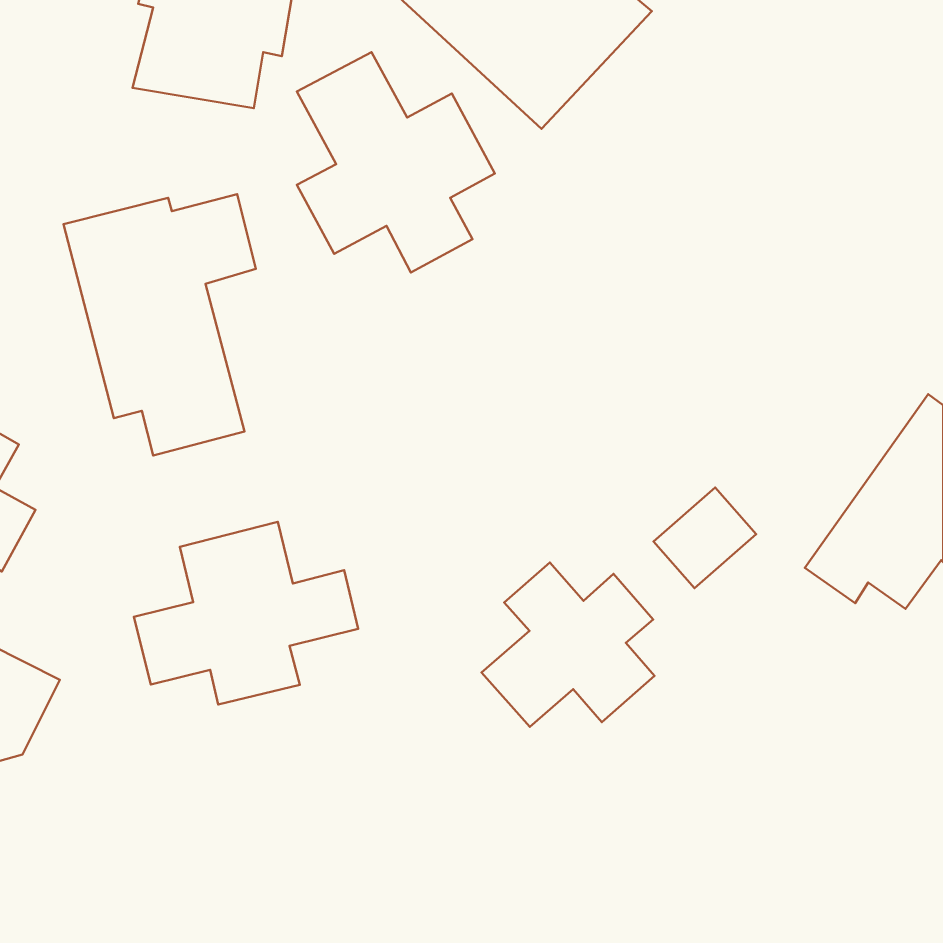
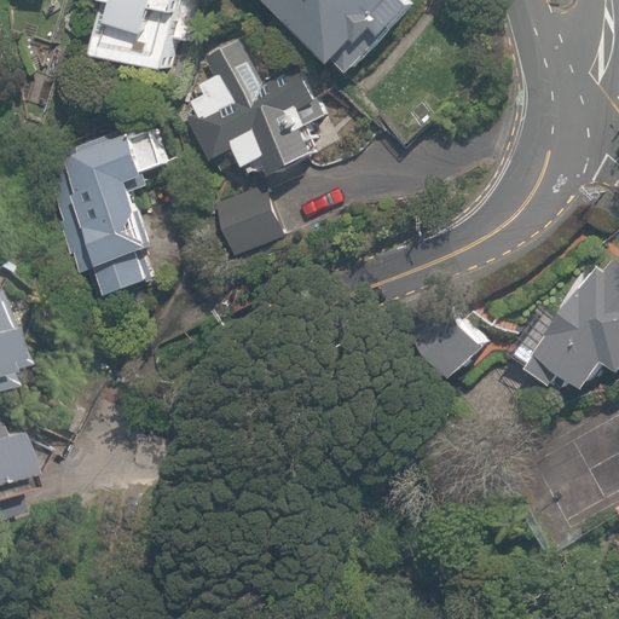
building: none -> [208,175,283,255]
building: [134,522,358,705] -> none
building: [482,563,654,727] -> none

